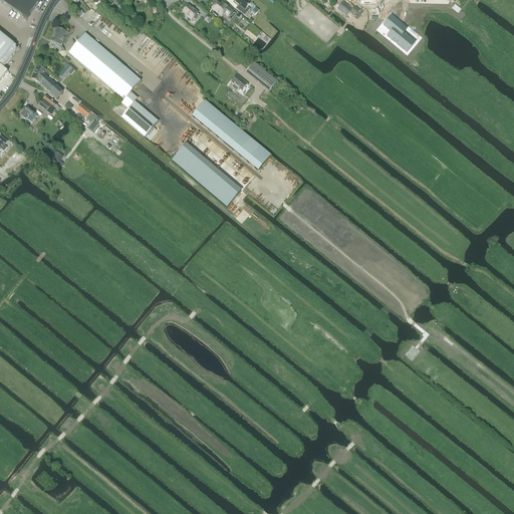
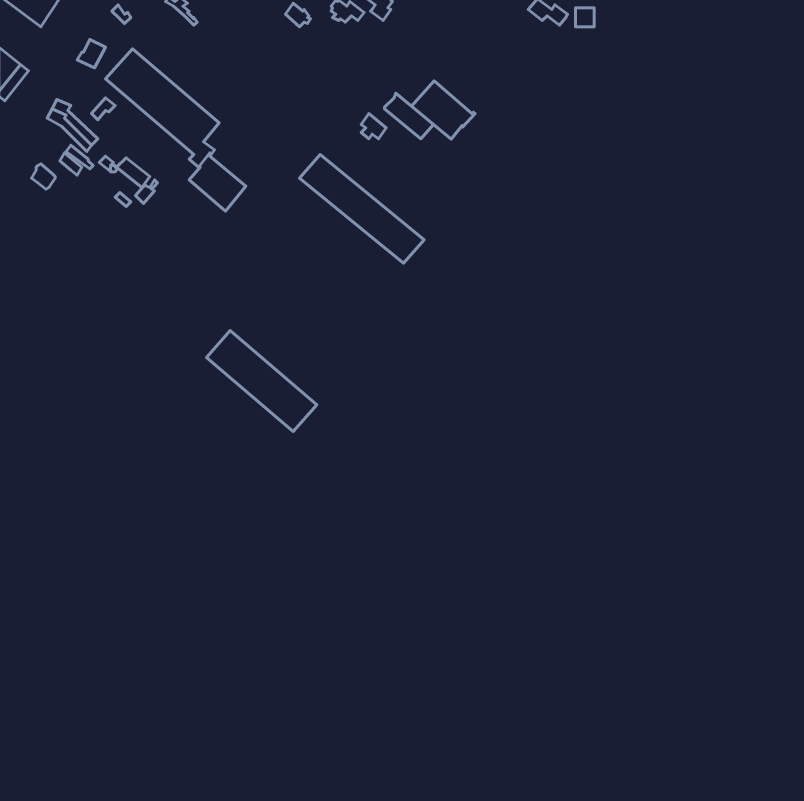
building: [381,15,412,52] -> none
building: none -> [412,81,475,139]
building: [171,142,241,206] -> [207,331,317,432]

